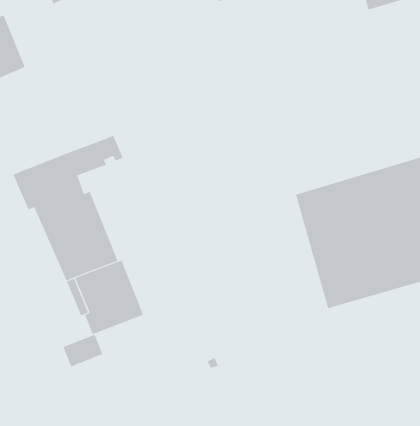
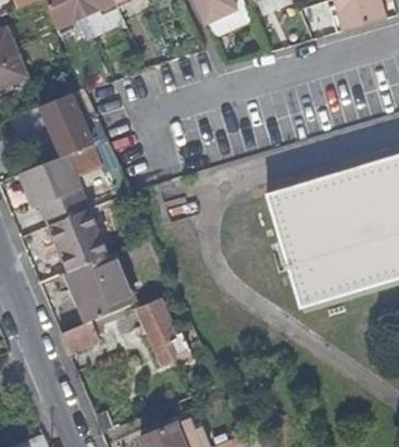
building: none -> [34,95,93,154]
building: none -> [138,301,188,361]

